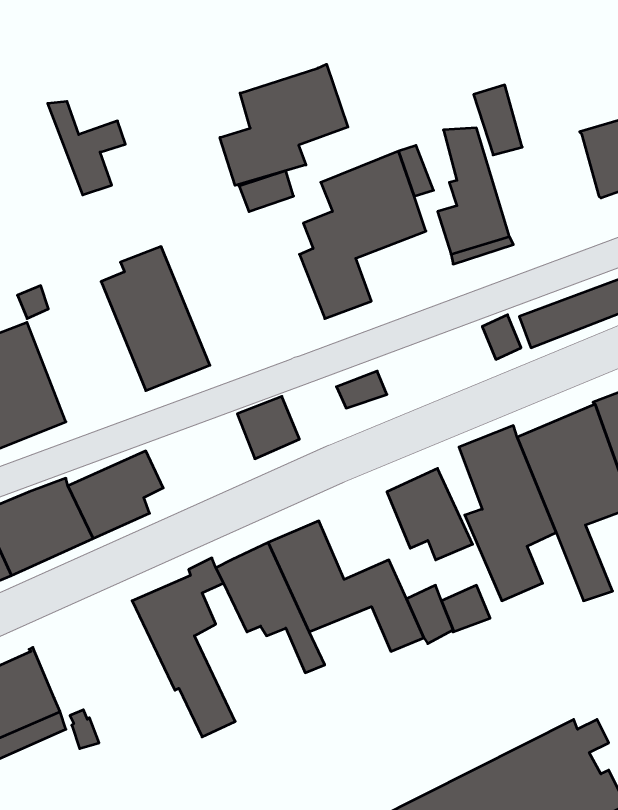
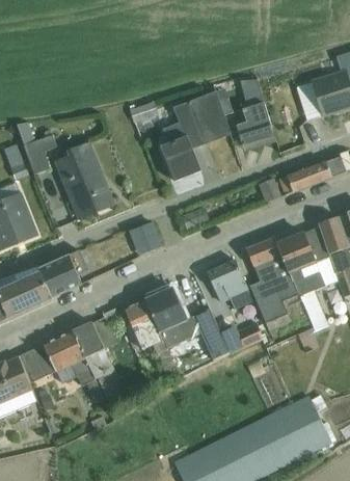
building: [220,64,348,185] -> none
building: [474,85,522,155] -> [295,81,321,118]
building: [48,101,125,195] -> [16,124,57,173]
building: none -> [19,330,104,401]

